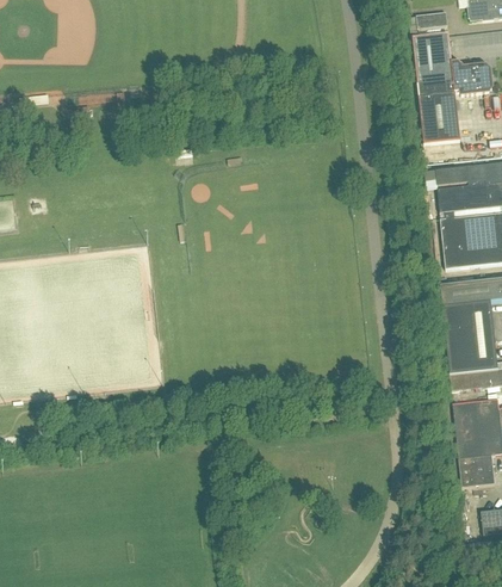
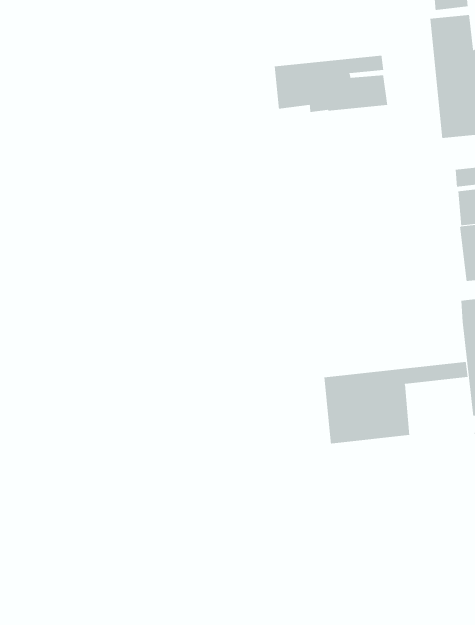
building: none -> [274,55,388,113]
building: none -> [324,361,468,445]

